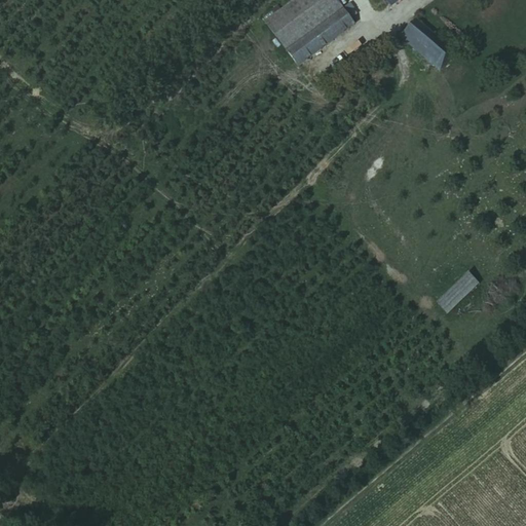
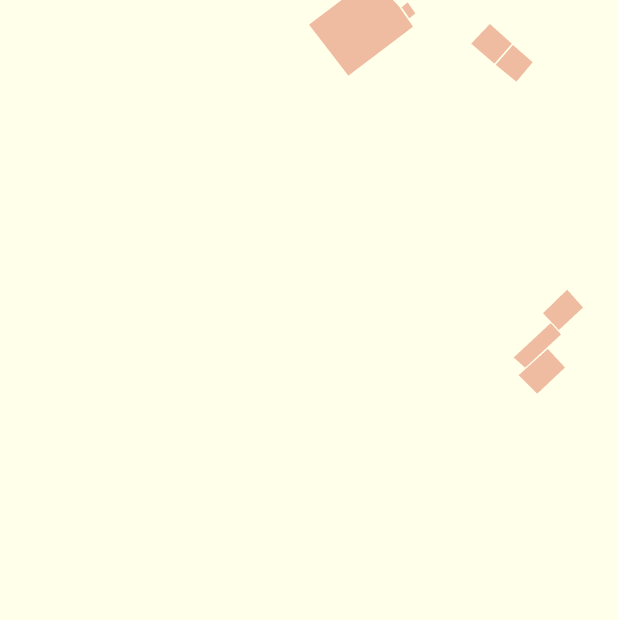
building: none -> [542,289,584,331]
building: none -> [518,348,566,394]

